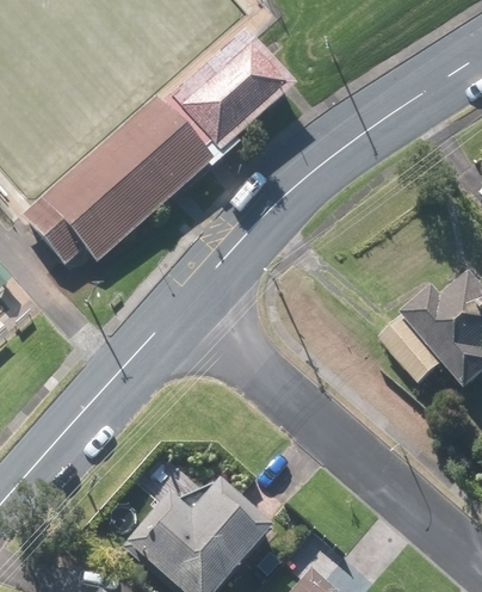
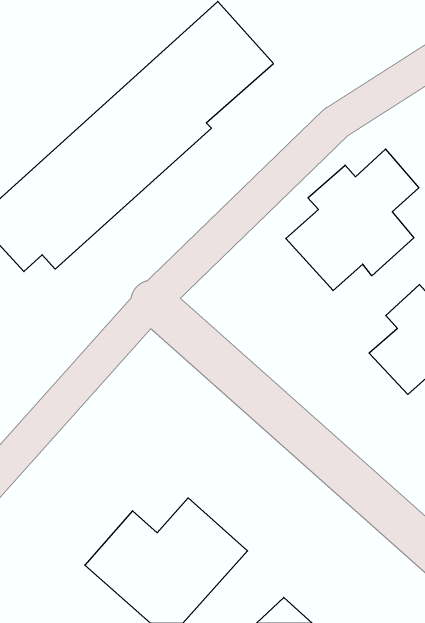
building: none -> [286,149,419,291]

